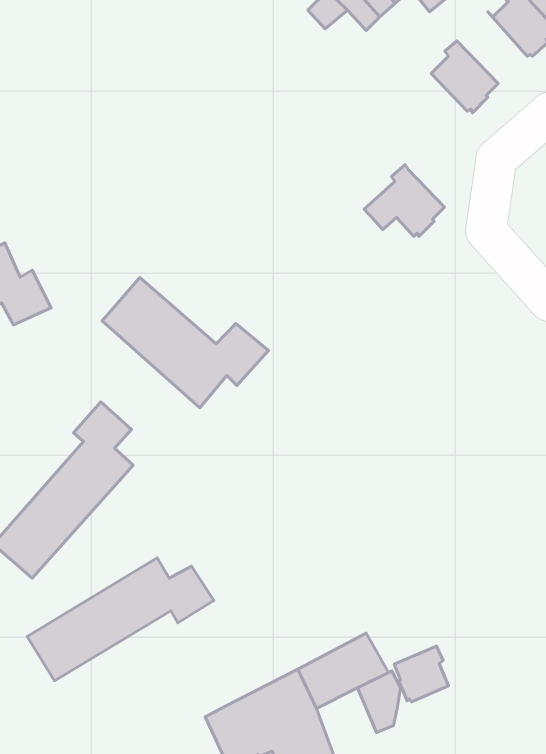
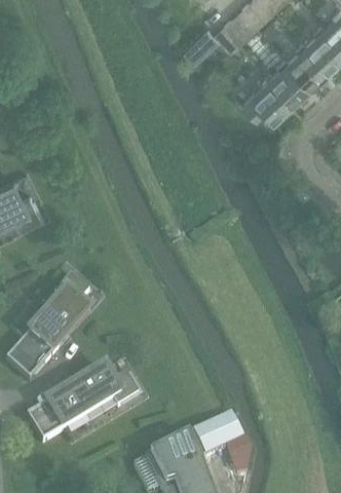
building: none -> [285,41,327,84]
building: [364,165,445,236] -> [242,75,291,118]
building: [102,277,268,408] -> none
building: [394,646,448,702] -> none

